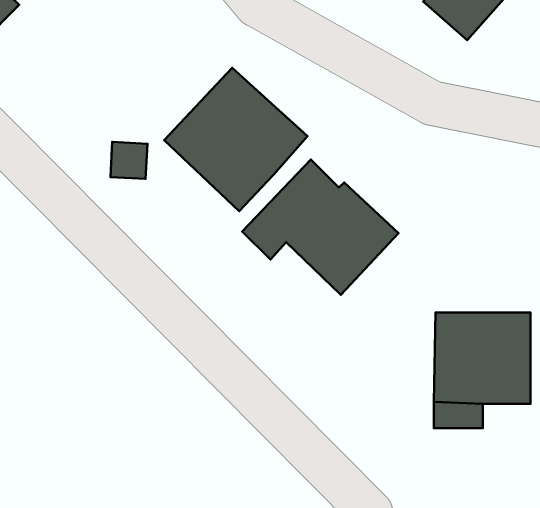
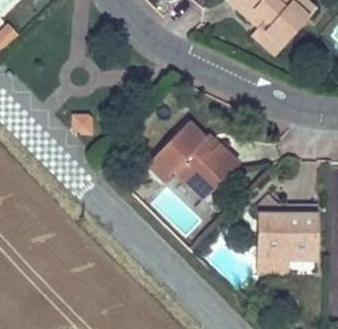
building: [164,68,307,211] -> none

